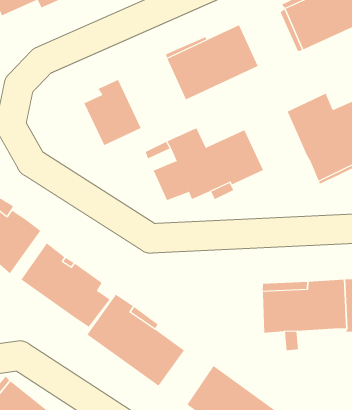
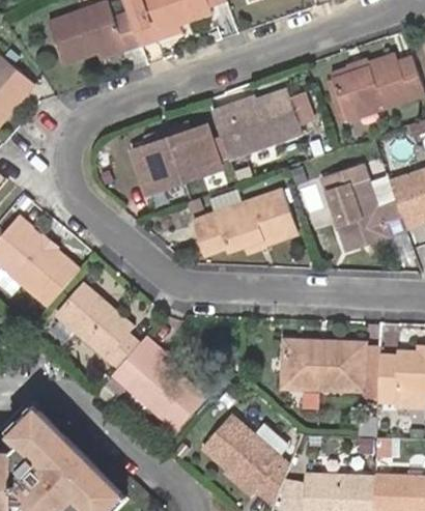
building: none -> [166,124,220,181]

